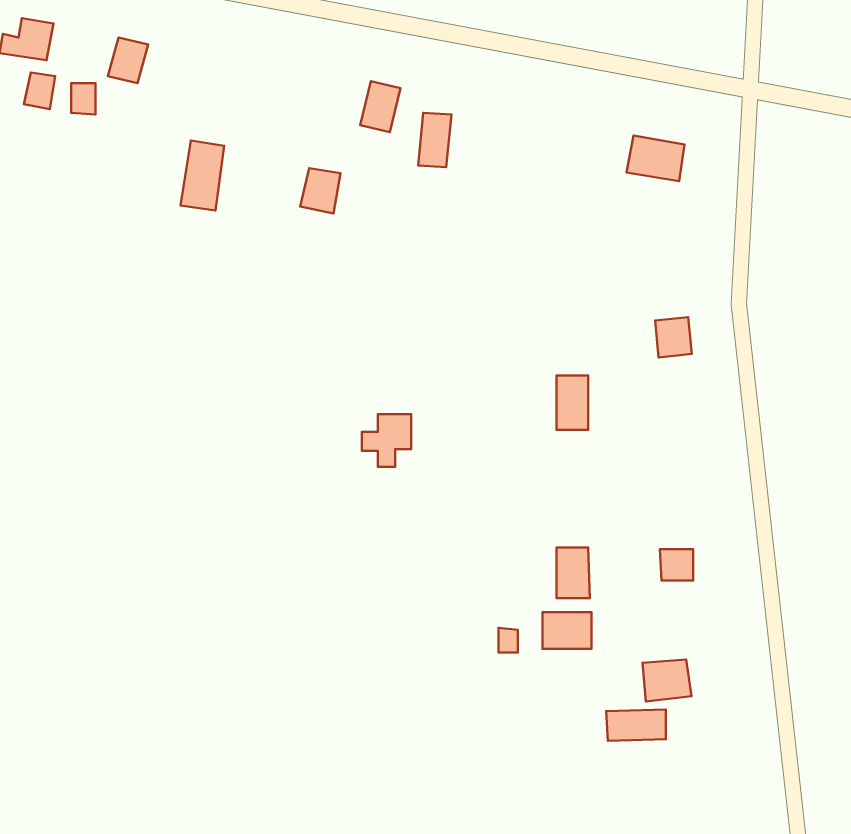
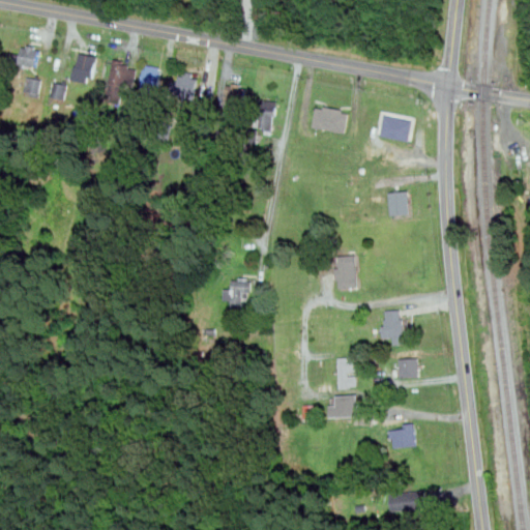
building: none -> [139,65,160,93]
building: none -> [310,107,348,136]
building: [180,141,224,211] -> [104,63,129,105]
building: [300,168,341,214] -> [173,73,197,100]
building: [655,317,692,357] -> [387,192,409,215]
building: none -> [381,311,401,345]
building: [606,709,666,741] -> [388,493,423,511]

